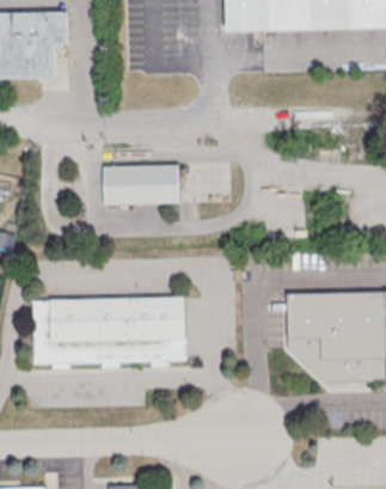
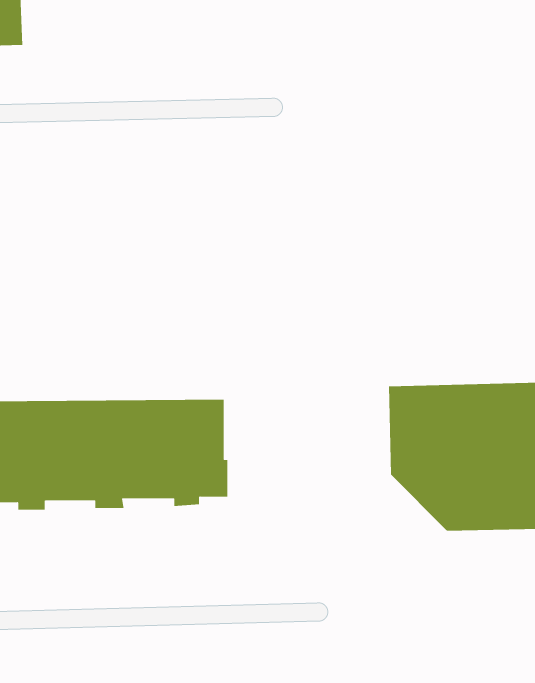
building: [103,167,179,208] -> none

